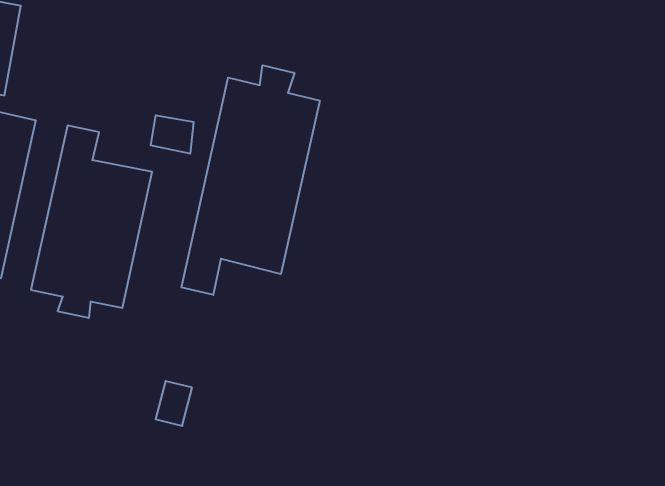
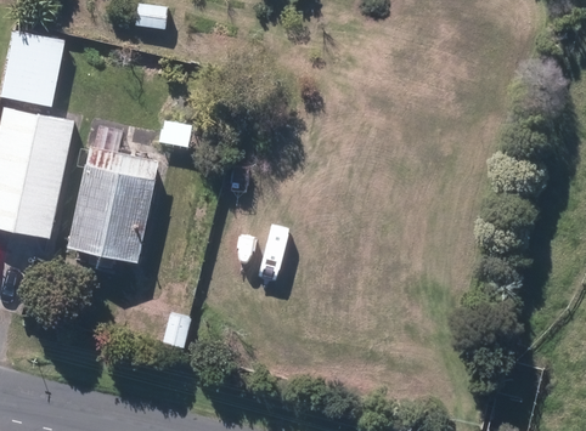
building: [181,65,320,295] -> none

